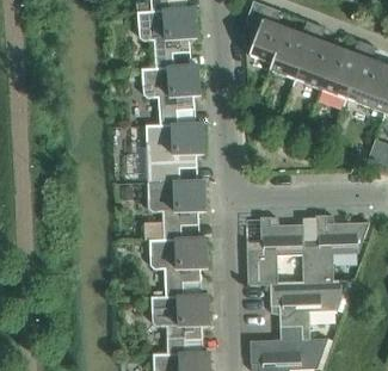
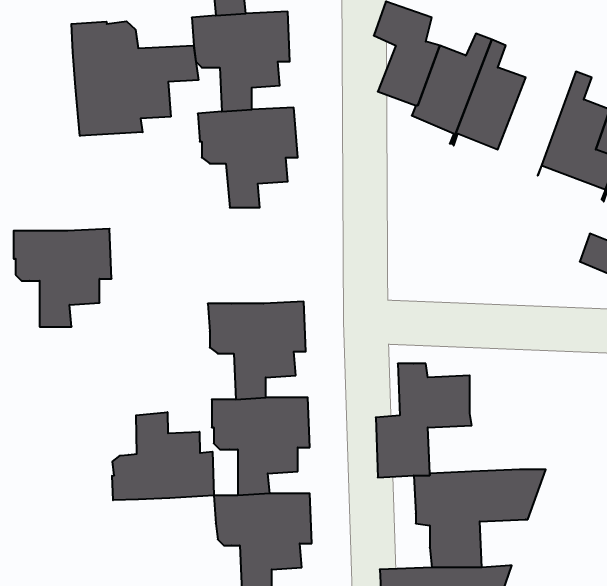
building: none -> [71,21,198,136]
building: [320,39,367,105] -> none
building: [146,123,204,181] -> [14,229,112,327]
building: [303,215,369,282] -> none
building: none -> [112,412,214,500]

